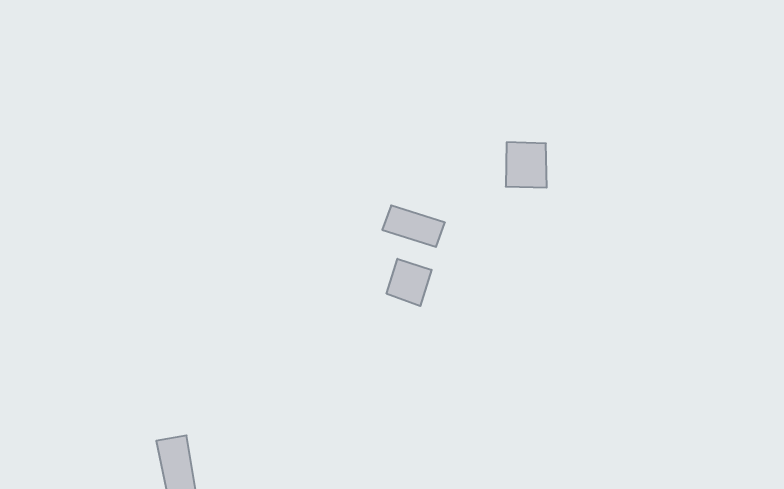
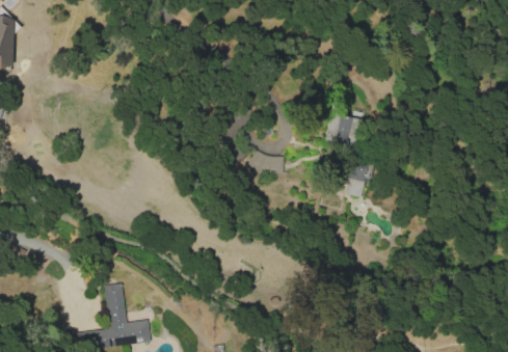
building: none -> [346,158,366,195]
building: [387,259,432,306] -> none

